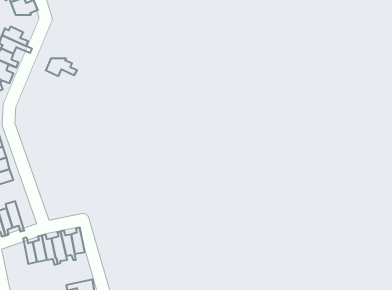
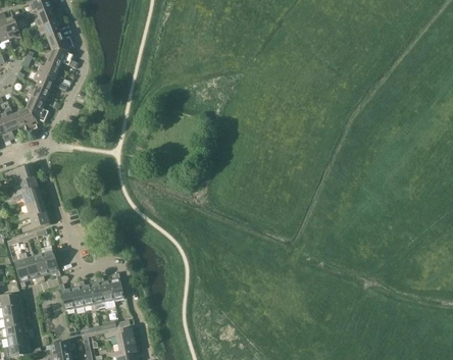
building: [46,59,77,76] -> [46,51,79,69]

